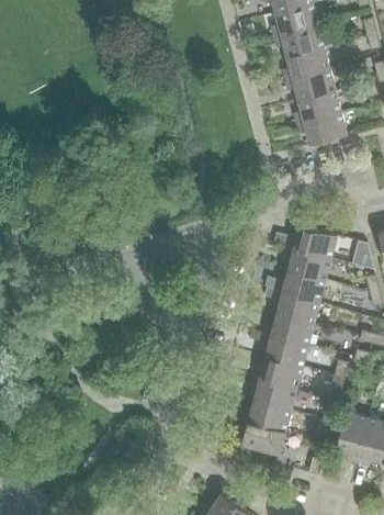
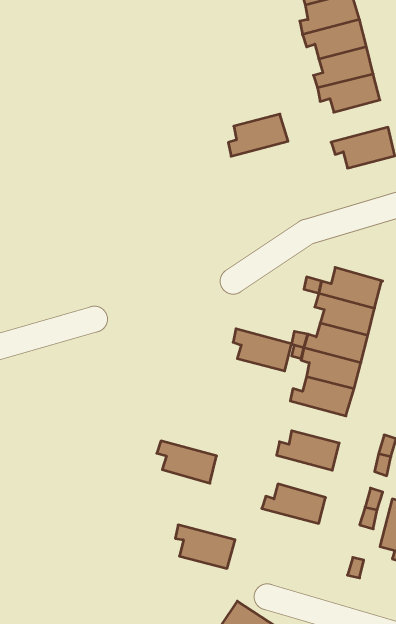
building: [294,89,342,123] -> [228,114,288,156]
building: [261,332,308,366] -> [233,329,292,371]
building: [249,376,297,410] -> [157,441,217,483]
building: [238,418,286,454] -> [175,525,235,568]

